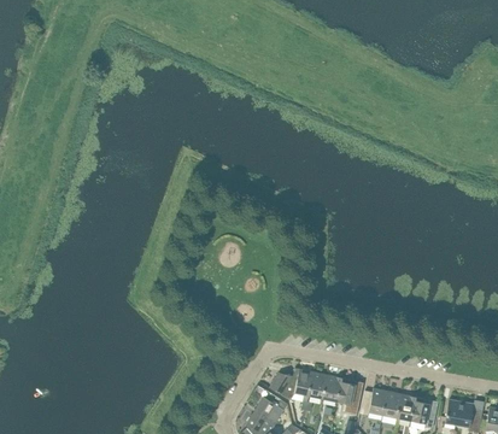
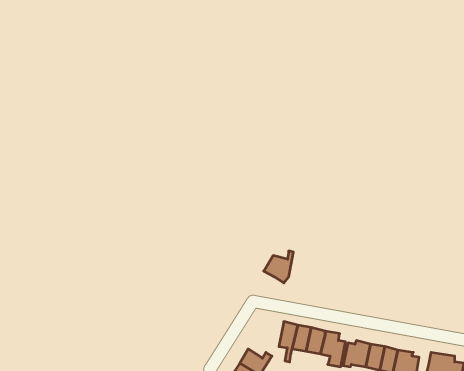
building: [269,368,299,400] -> [264,251,293,283]

